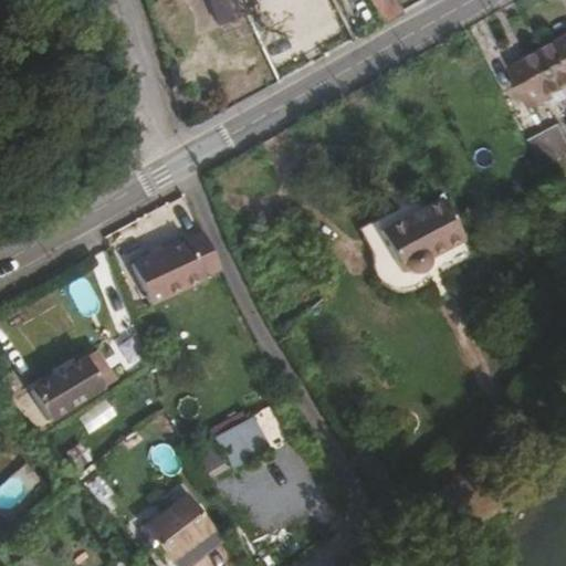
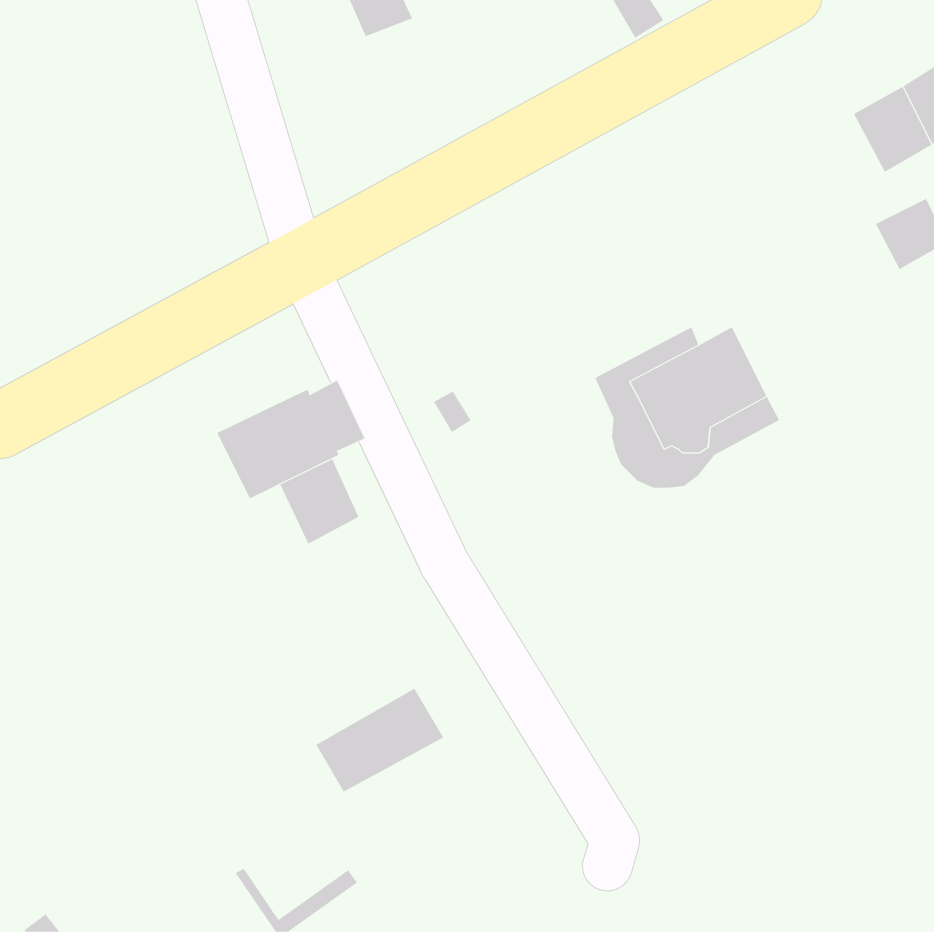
building: none -> [280,458,359,544]
building: [31,348,111,415] -> none
building: [149,494,212,554] -> none

